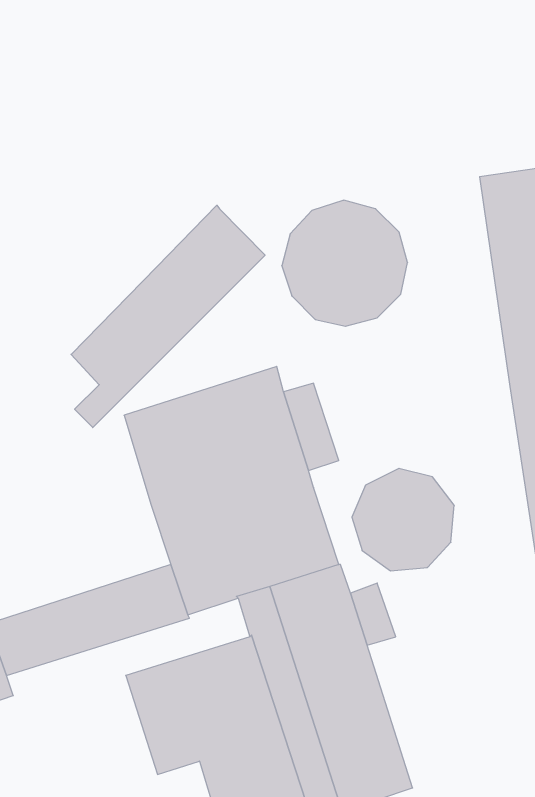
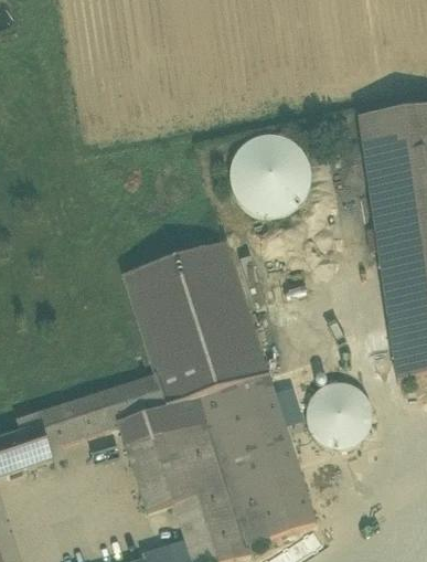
building: [71,205,265,428] -> none
building: [352,468,454,571] -> [305,378,372,445]
building: none -> [118,394,207,445]

